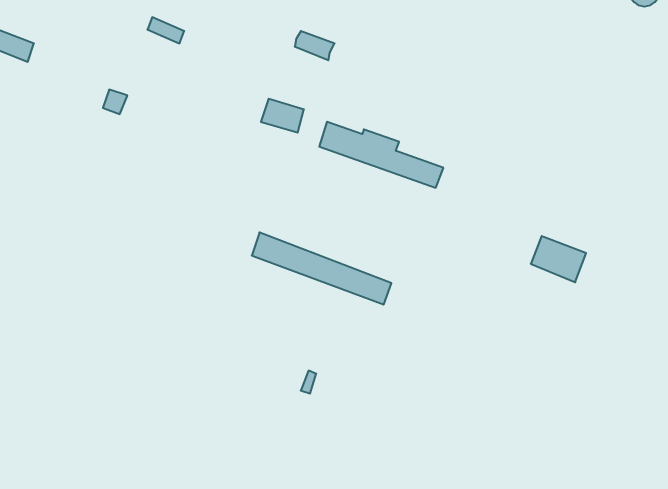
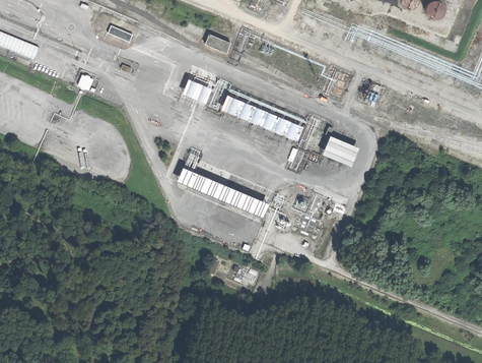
building: [531,236,586,282] -> [323,136,359,167]

